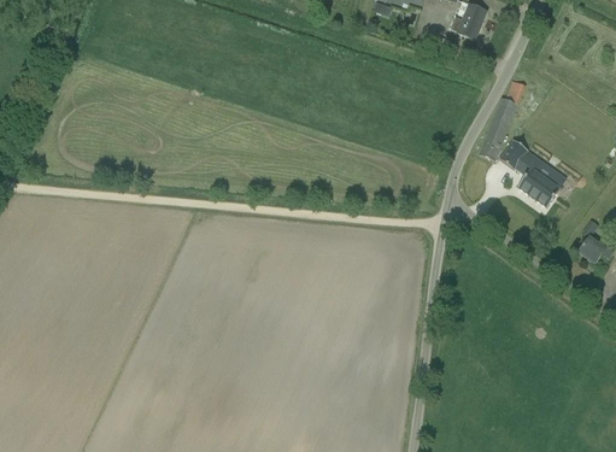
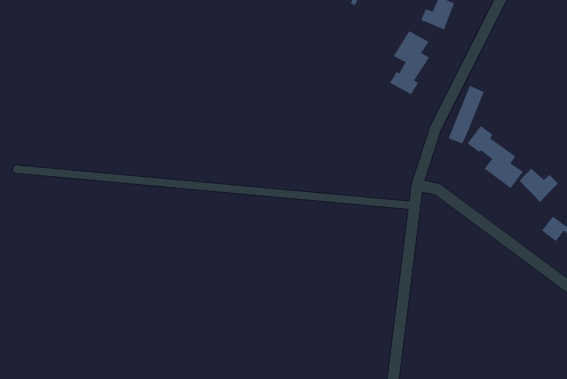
building: none -> [389,30,430,96]
building: none -> [519,168,559,203]

